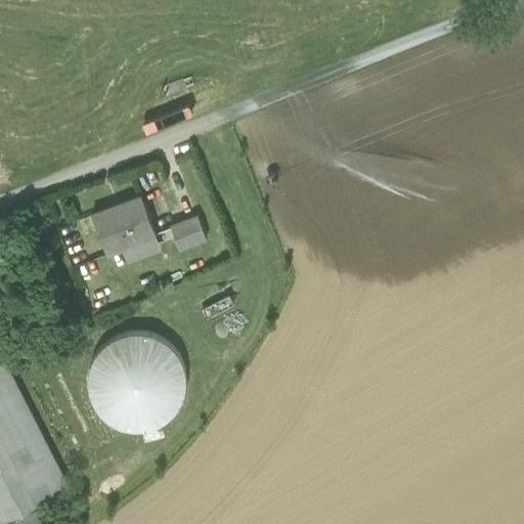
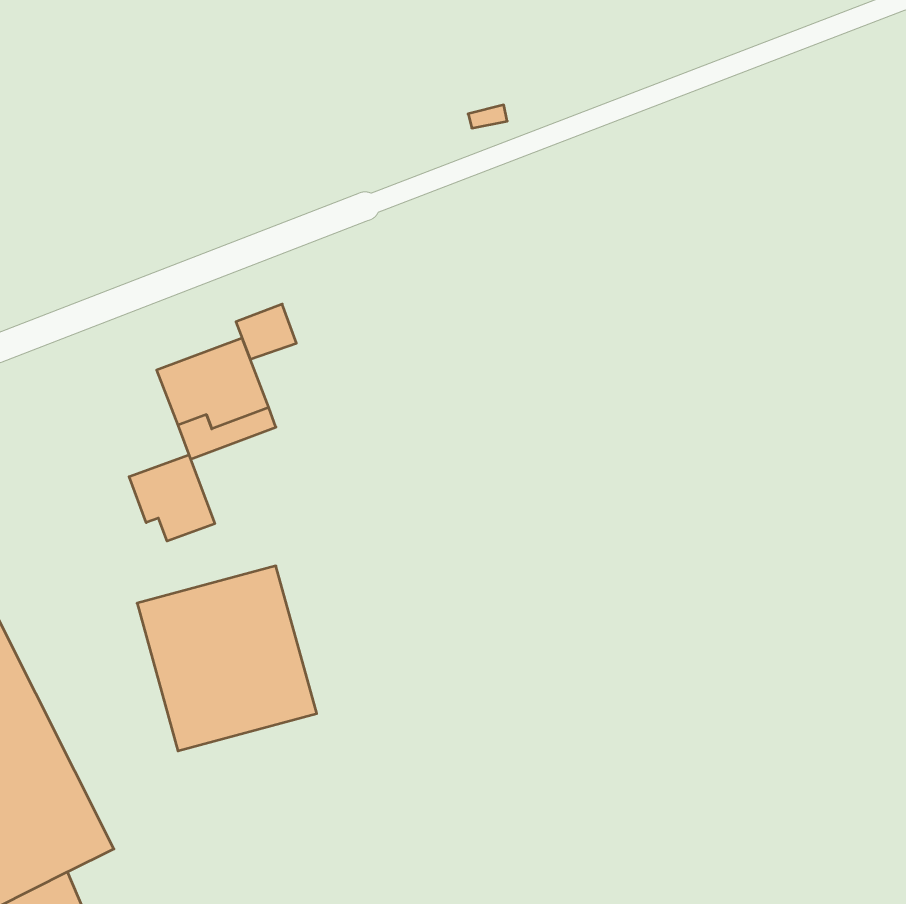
building: [169,218,204,250] -> [236,304,296,359]
building: none -> [129,455,215,541]

